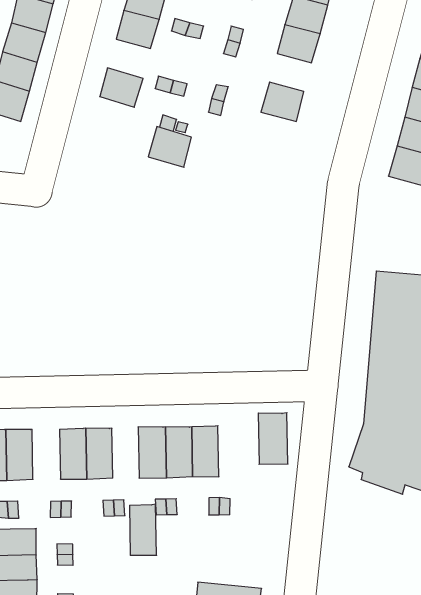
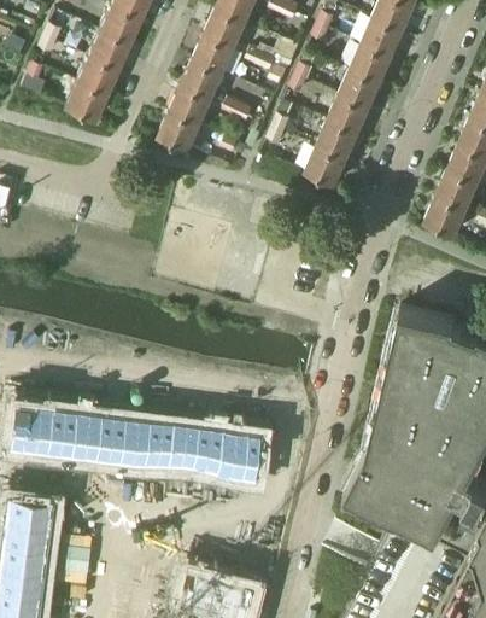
building: none -> [181,62,223,101]
building: none -> [328,97,369,135]
building: none -> [305,148,347,188]
building: [148,127,191,167] -> [158,112,200,153]
building: [258,413,288,464] -> [228,431,260,482]
building: none -> [57,409,88,459]
building: [130,504,157,555] -> [130,419,160,468]

